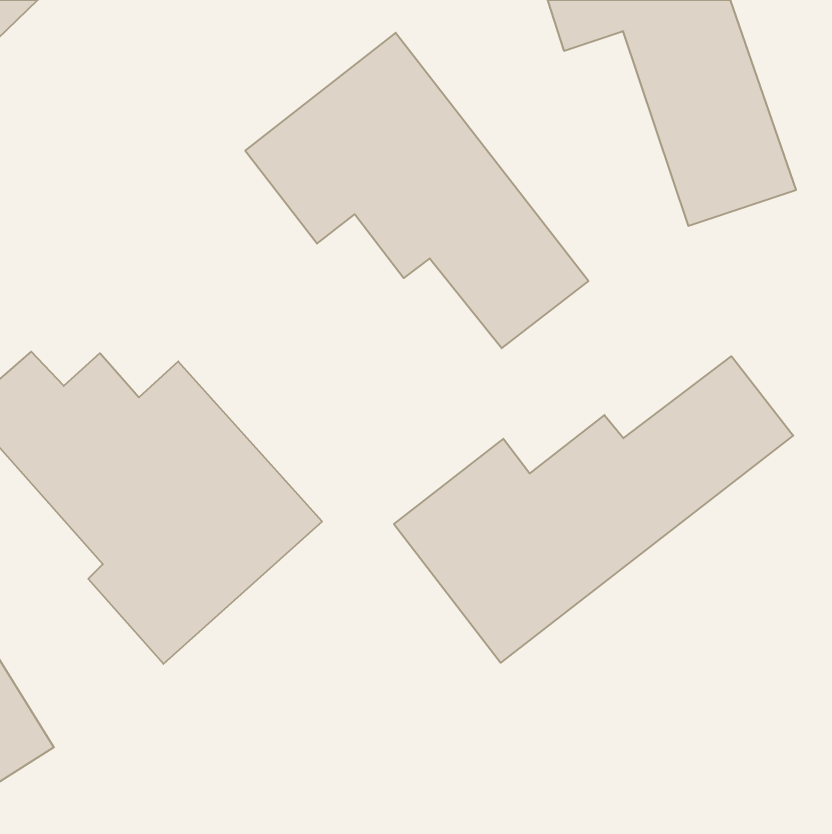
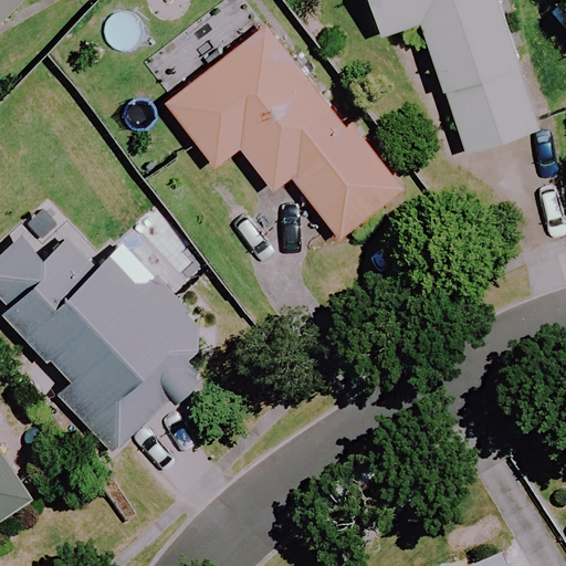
building: [394,356,793,663] -> none

